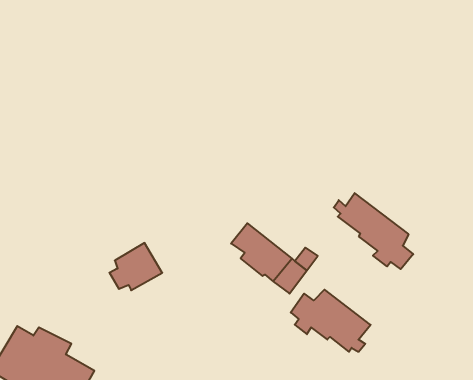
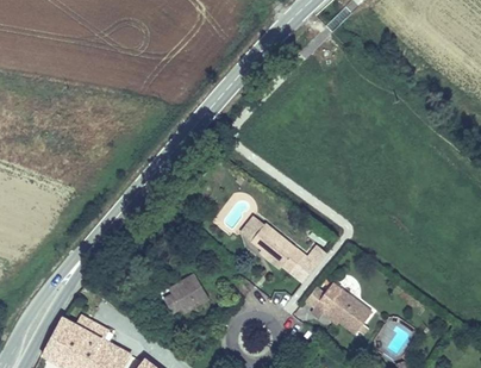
building: [334,193,413,269] -> none
building: [109,243,162,290] -> [163,273,210,314]

